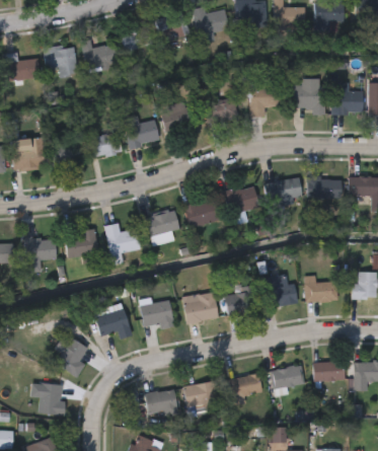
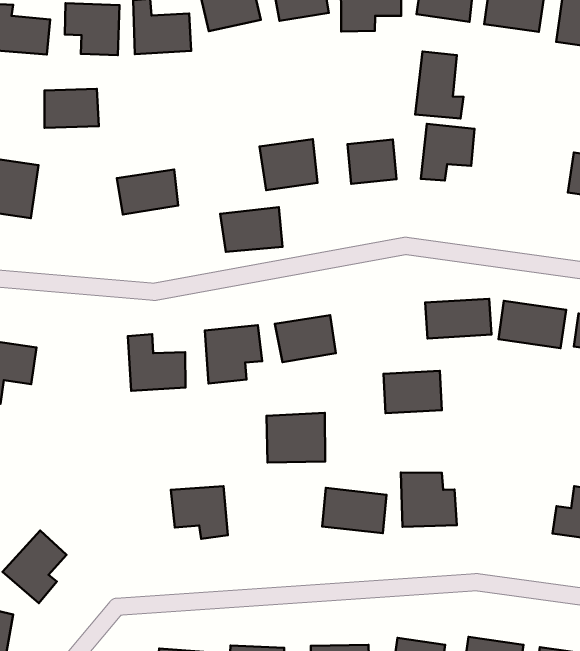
building: none -> [415,52,464,118]
building: [294,85,323,116] -> none
building: [123,120,159,148] -> [220,207,283,252]
building: [50,140,82,165] -> [44,89,99,128]
building: [224,185,258,213] -> [384,371,442,413]
building: [66,229,97,256] -> none
building: [305,283,337,301] -> none
building: [182,291,218,322] -> [267,413,325,463]
building: [94,305,132,339] -> none

